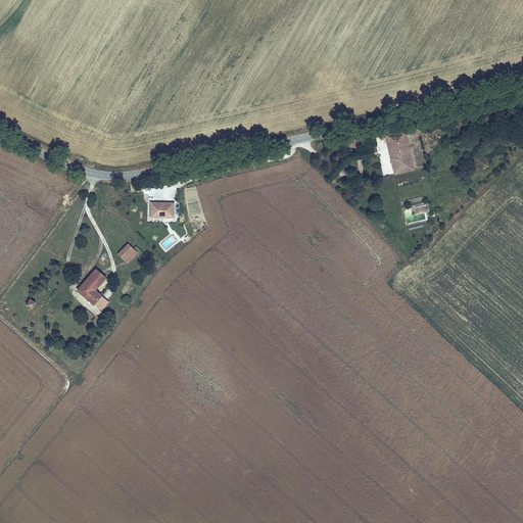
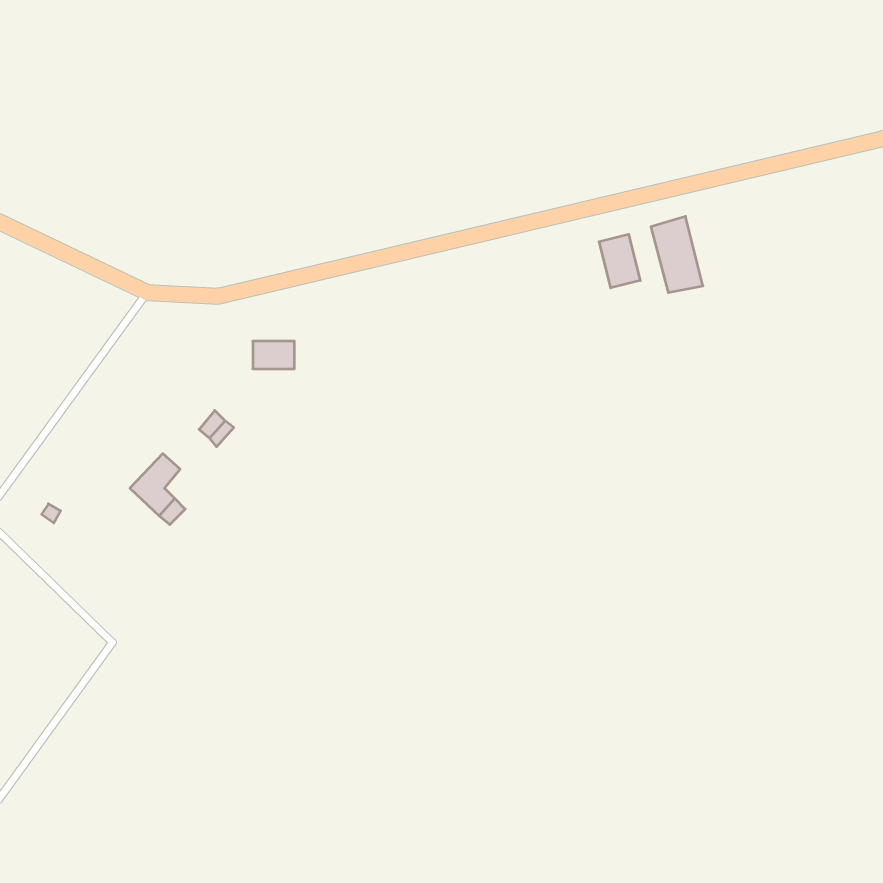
building: none -> [599,234,640,288]

